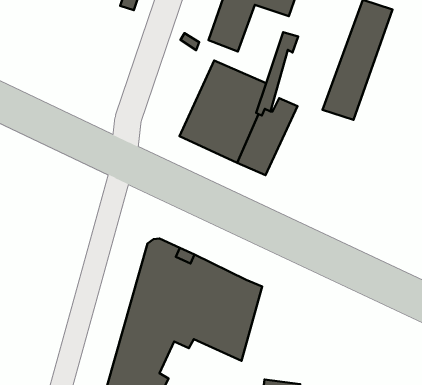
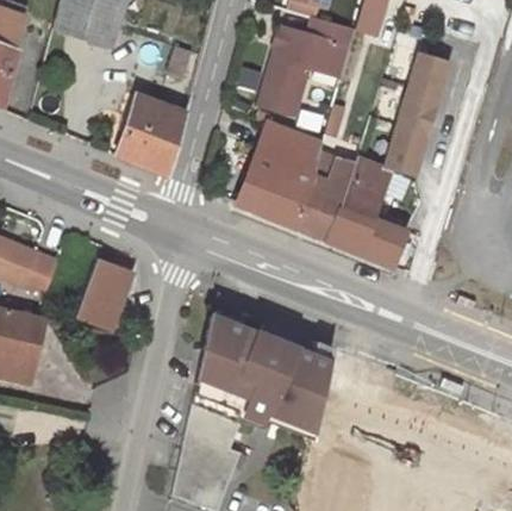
building: none -> [119,96,186,176]
building: none -> [329,160,406,264]
building: none -> [75,260,133,329]

